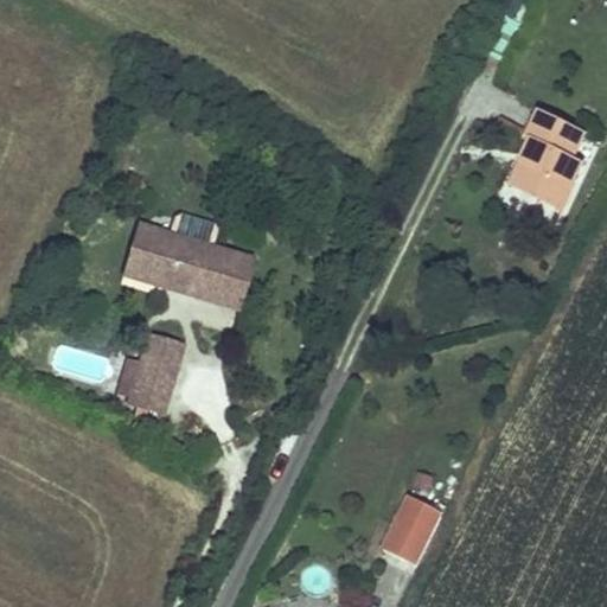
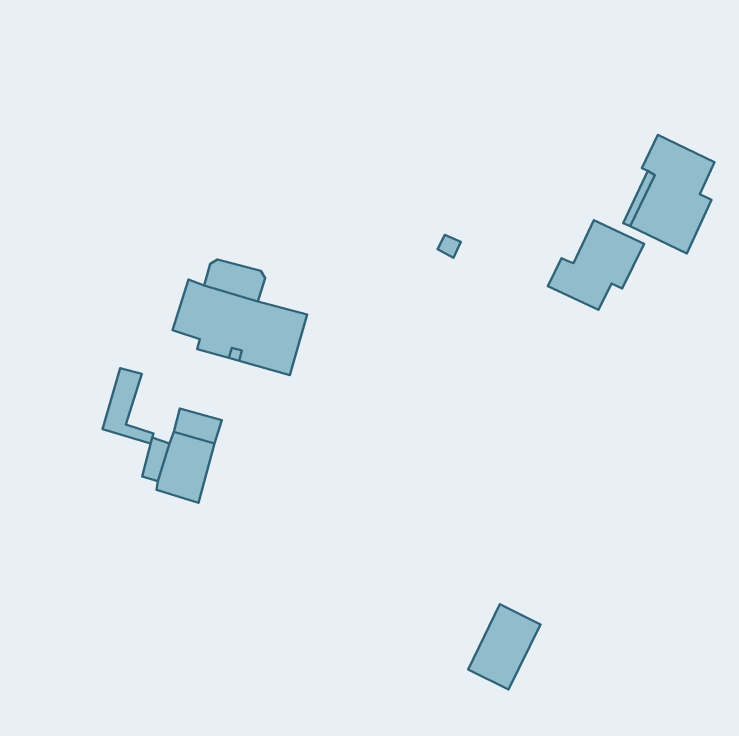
building: none -> [548,220,644,310]
building: [122,224,164,286] -> [103,368,153,443]

